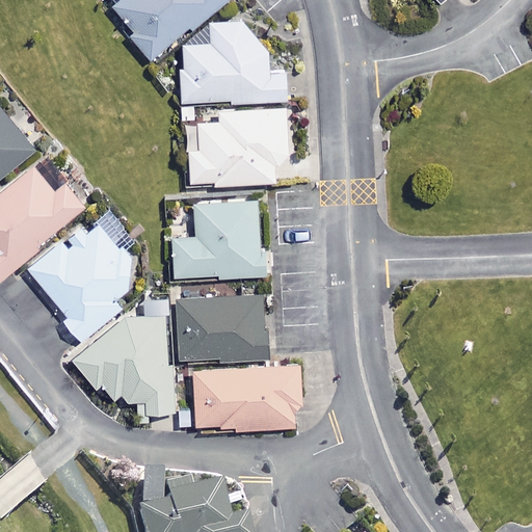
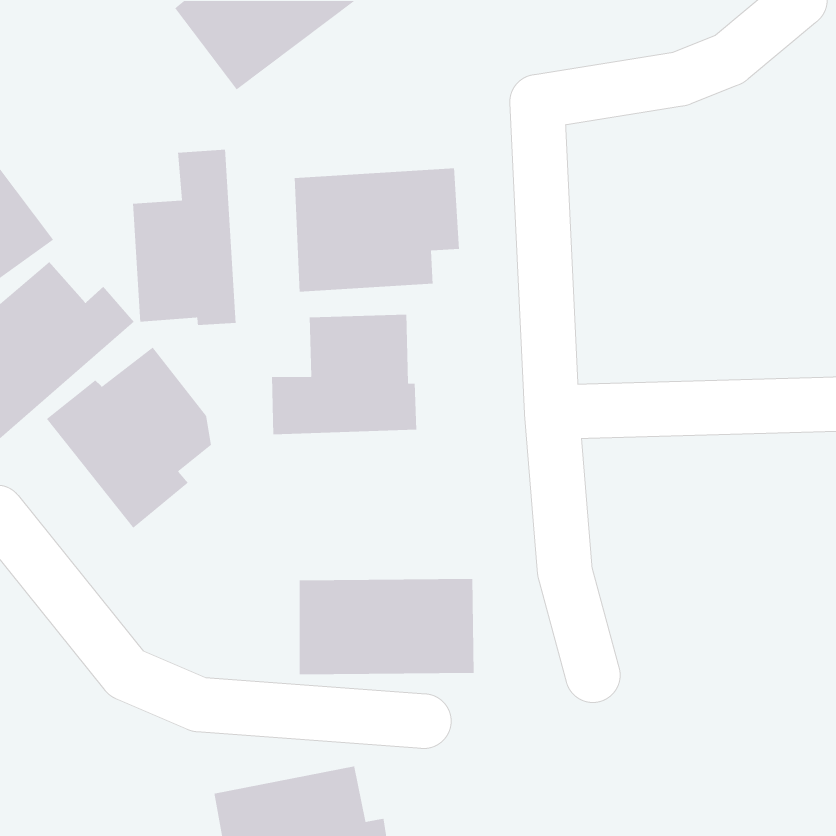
building: [180,22,285,102] -> none
building: none -> [132,149,237,326]
building: [178,297,265,362] -> none
building: [73,313,174,415] -> none

